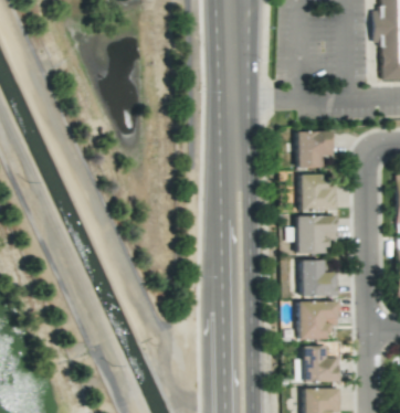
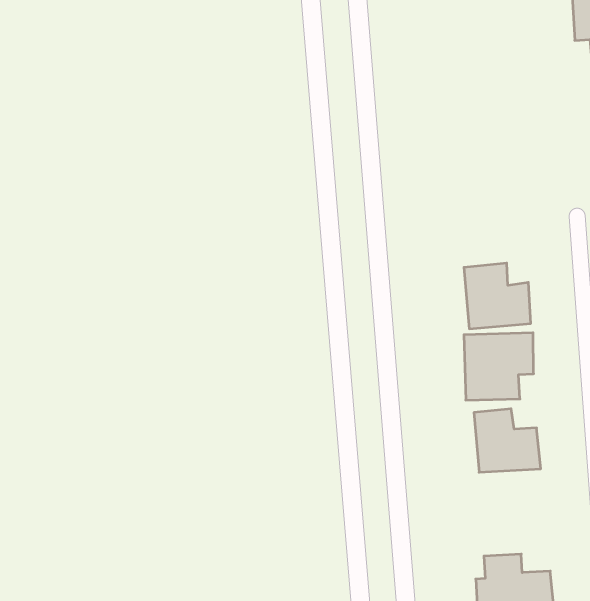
building: [297,131,336,169] -> none
building: [298,301,340,340] -> none

